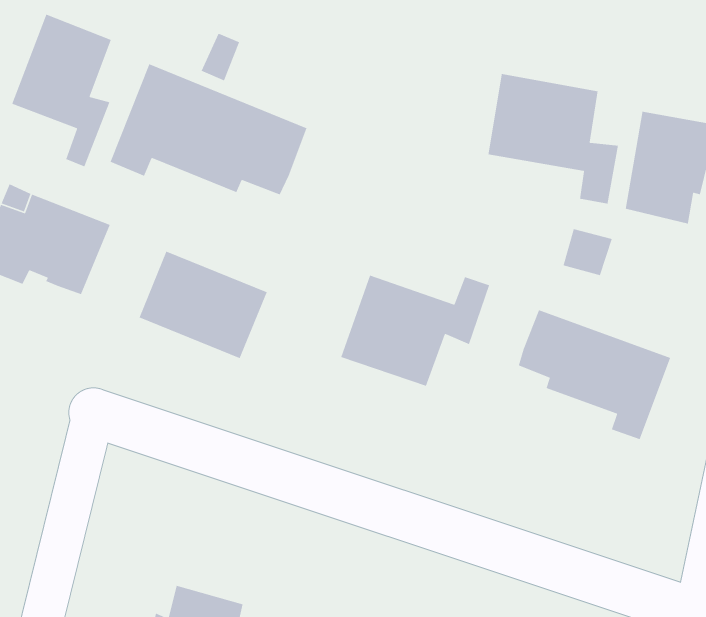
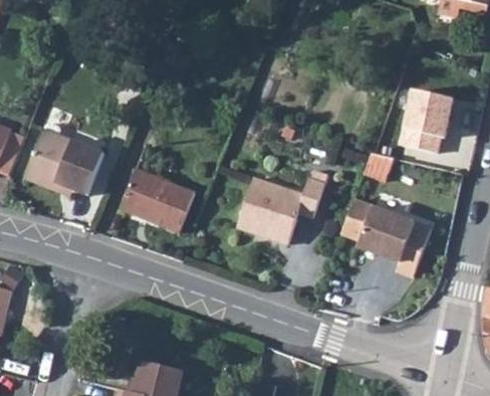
building: [11,14,112,167] -> none
building: [110,63,308,195] -> none
building: [488,73,619,205] -> none

